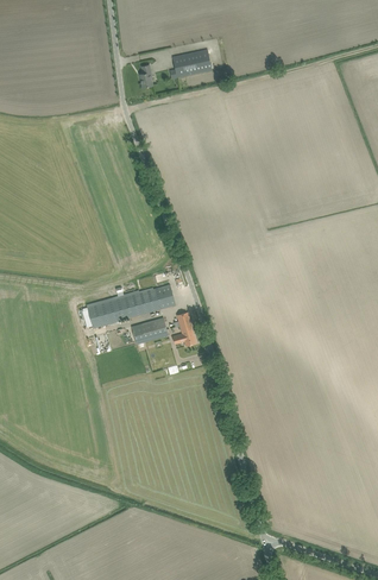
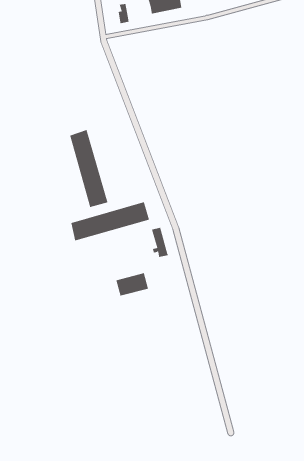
building: none -> [69,129,108,208]
building: [131,317,168,343] -> [115,273,149,296]

